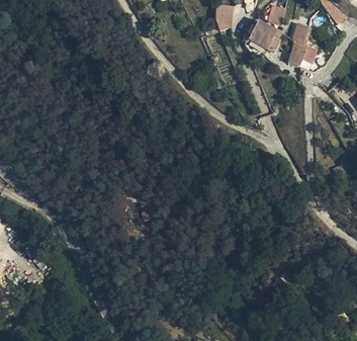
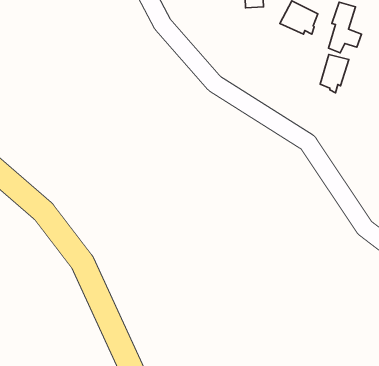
building: none -> [320,54,349,93]

